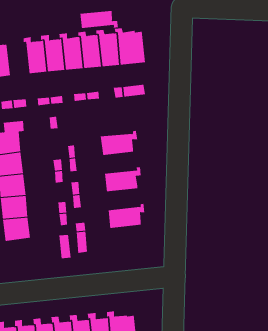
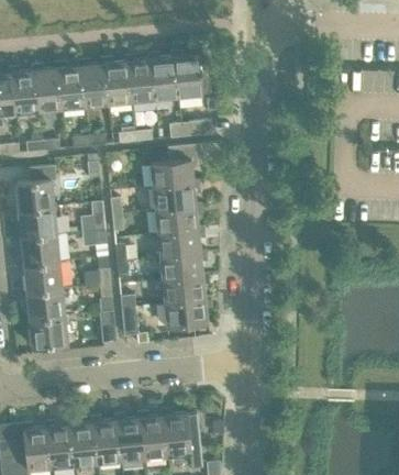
building: [80,10,118,29] -> none
building: none -> [30,65,62,111]
building: none -> [149,146,197,188]
building: none -> [155,203,202,235]
building: none -> [159,250,207,281]
building: none -> [164,296,211,328]
building: none -> [31,317,66,349]

